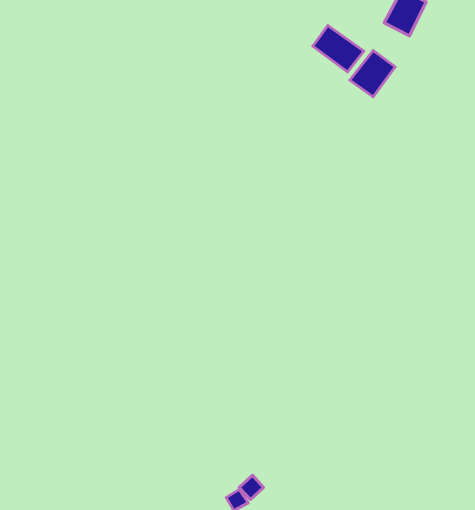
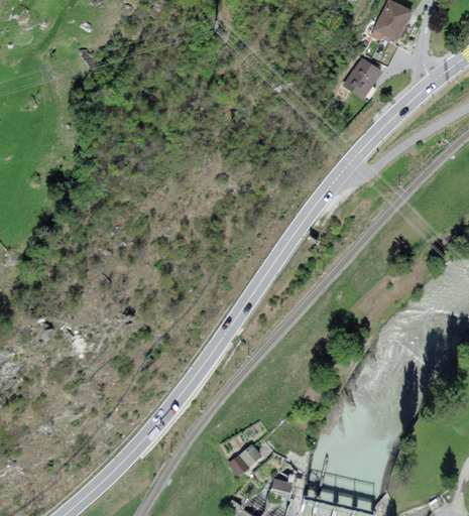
building: [313,25,364,72] -> none

